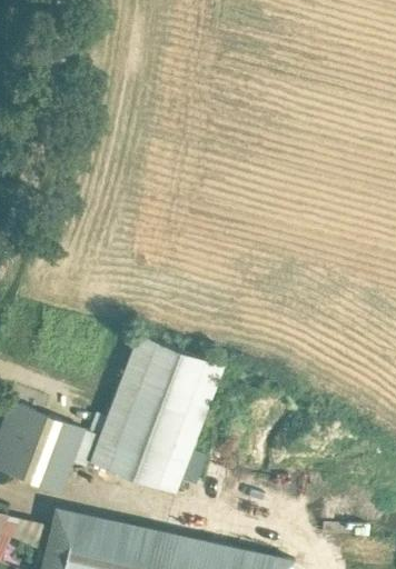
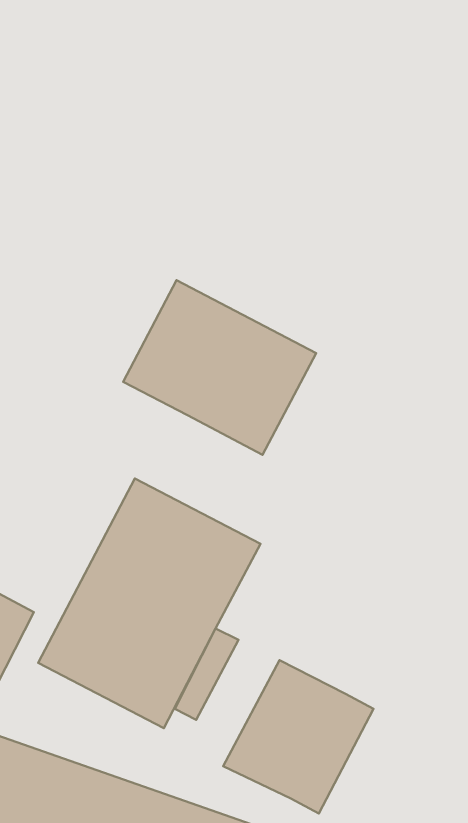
building: none -> [123,280,316,455]
building: none -> [223,660,374,813]

